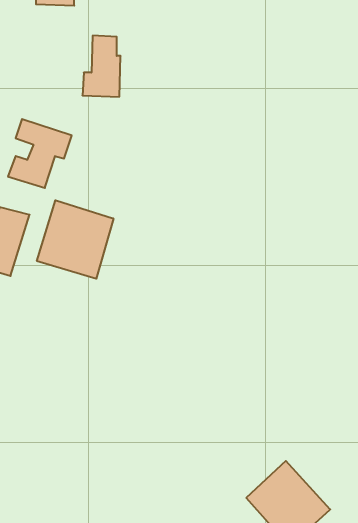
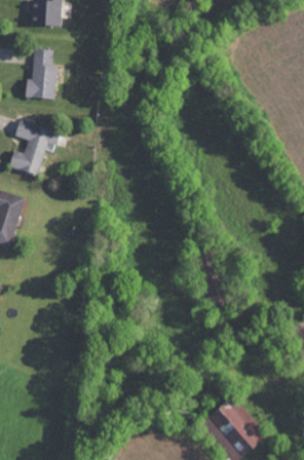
building: [82,36,121,97] -> [26,48,56,98]
building: [37,200,113,279] -> none

